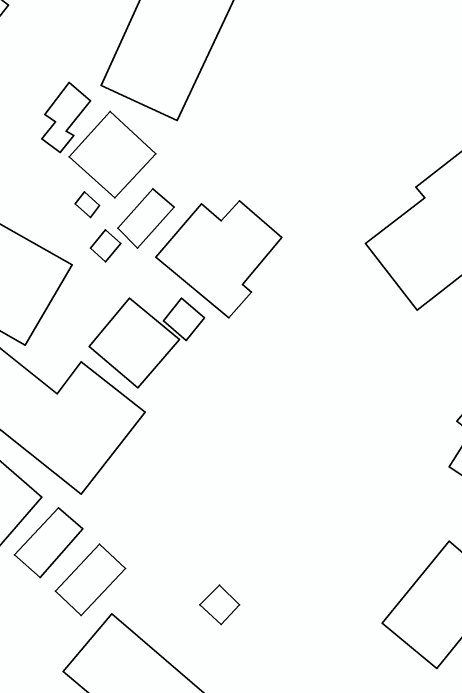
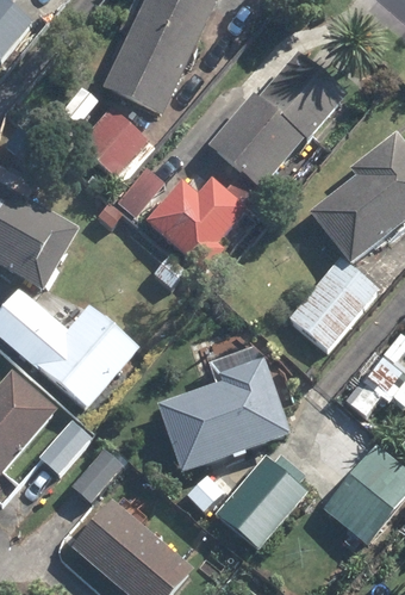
building: none -> [210,52,344,185]
building: [89,298,179,388] -> none
building: none -> [286,254,378,349]
building: none -> [158,358,292,472]
building: none -> [217,454,309,550]

